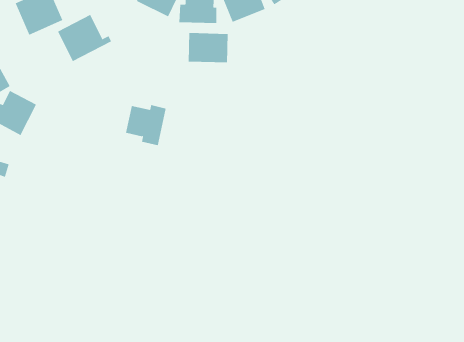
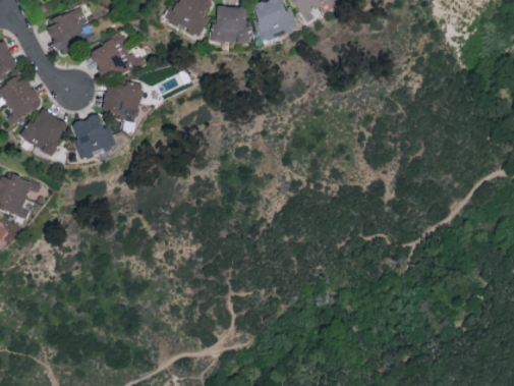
building: [188,32,228,63] -> none
building: none -> [69,113,115,159]
building: [125,104,167,146] -> [101,80,142,122]

